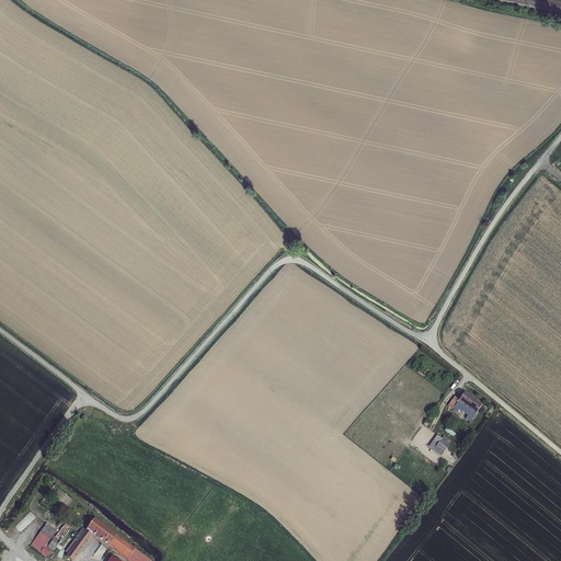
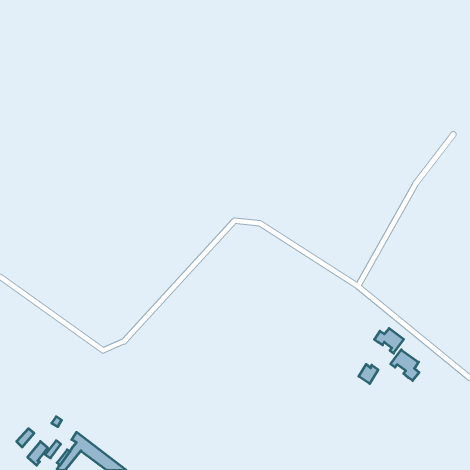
building: none -> [391,350,419,381]

